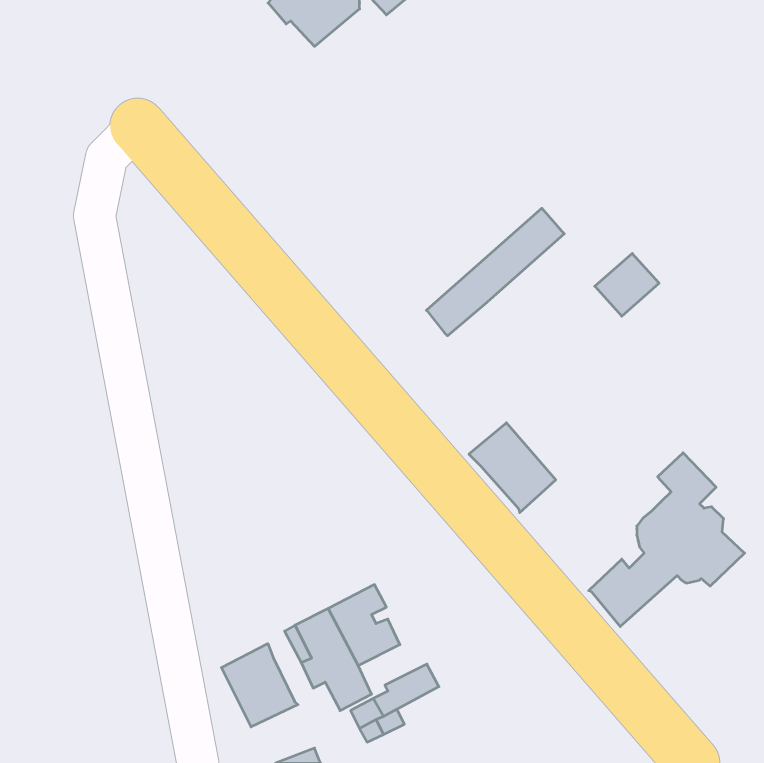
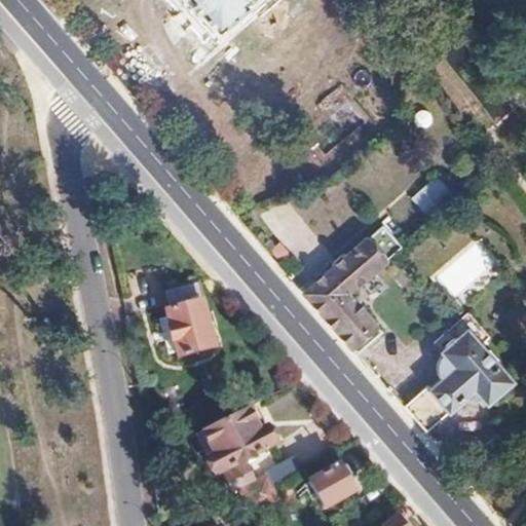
building: [426,208,564,336] -> [308,224,403,311]
building: none -> [166,281,214,355]
building: [221,644,298,727] -> none
building: none -> [312,466,354,508]

